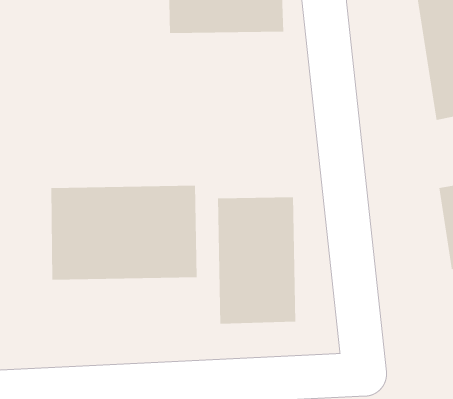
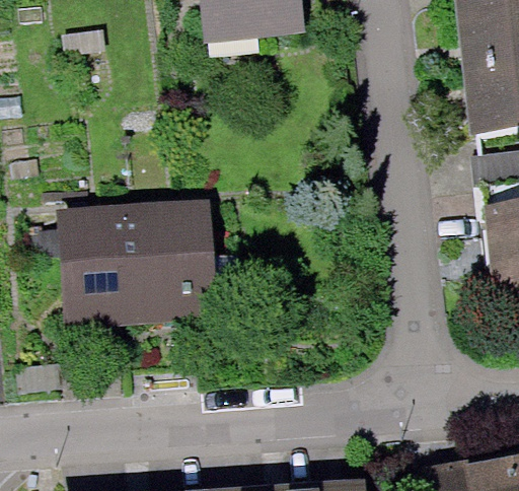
building: [217,197,296,324] -> none

